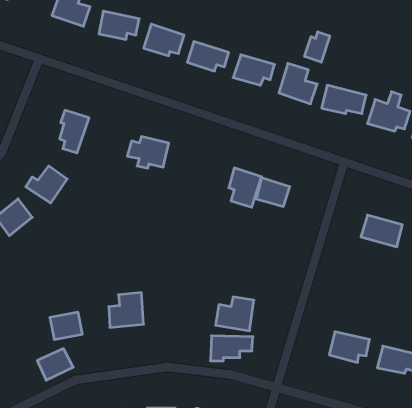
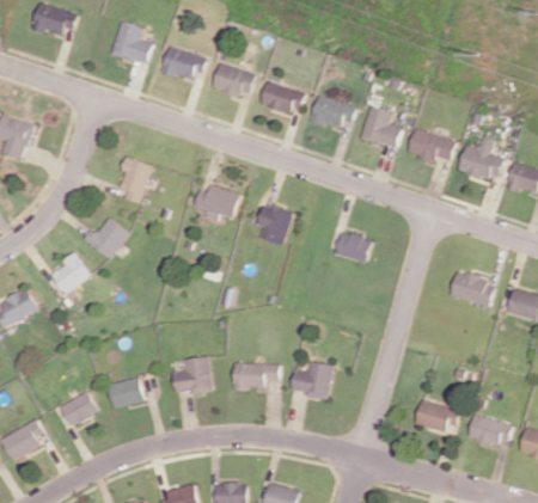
building: [305,32,330,62] -> none
building: [229,168,262,207] -> [257,203,293,246]
building: [210,336,253,361] -> [233,363,280,391]
building: [37,349,73,380] -> [60,392,99,427]

